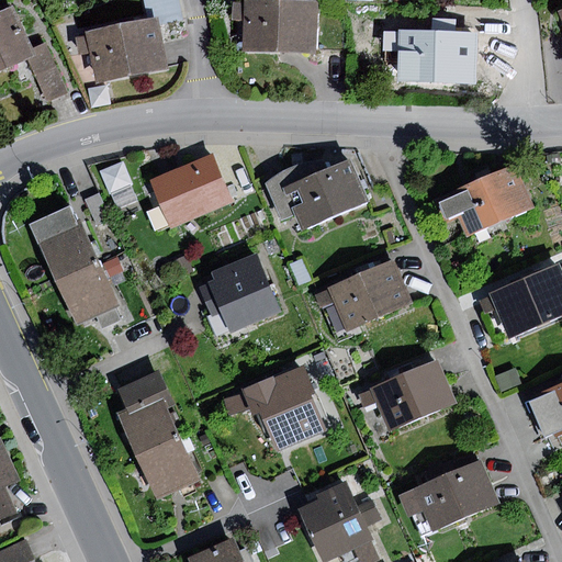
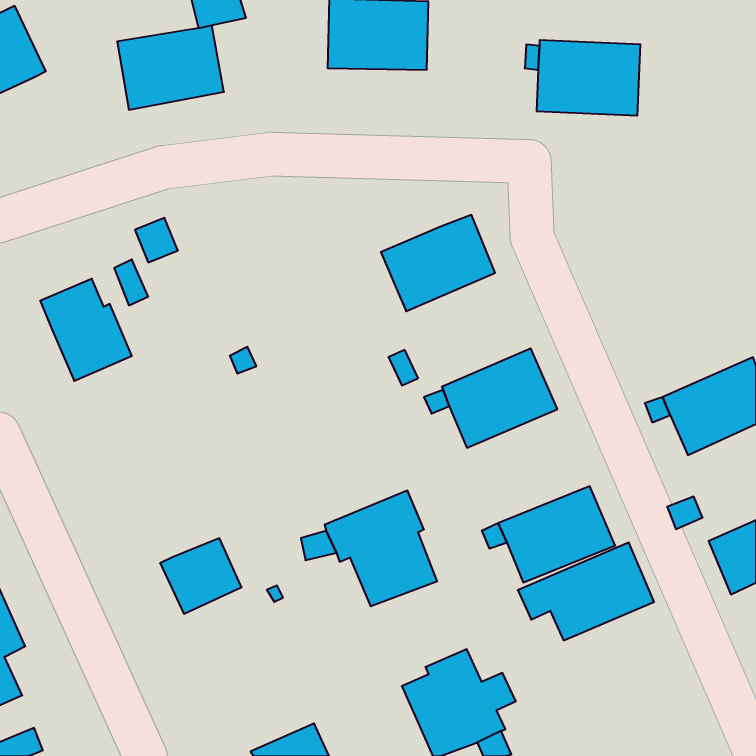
building: [25,47,67,101] -> none
building: [149,155,229,226] -> none
building: [265,158,326,221] -> none
building: [431,162,533,238] -> none
building: [200,252,282,335] -> none
building: [55,263,119,327] -> none
building: [116,370,169,413] -> none
building: [136,435,200,497] -> none
building: [397,460,498,532] -> [518,543,654,640]

